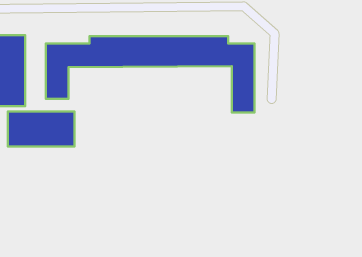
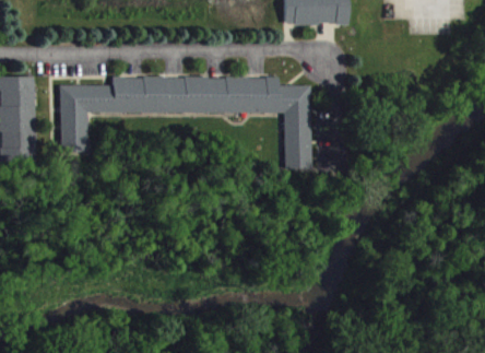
building: [8,112,75,146] -> none

